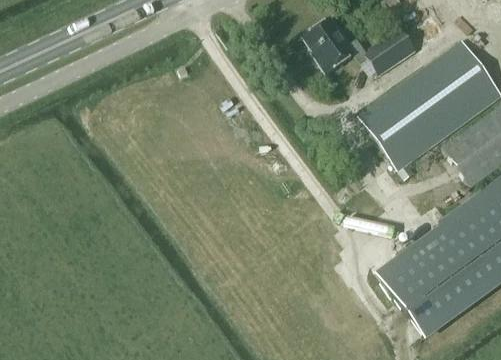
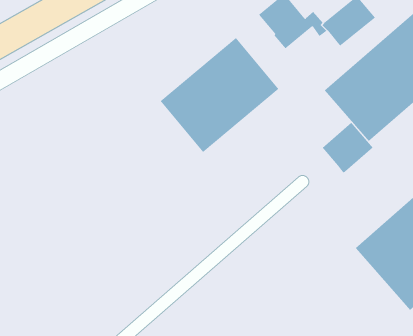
building: none -> [160,37,279,153]
building: none -> [322,122,373,173]

